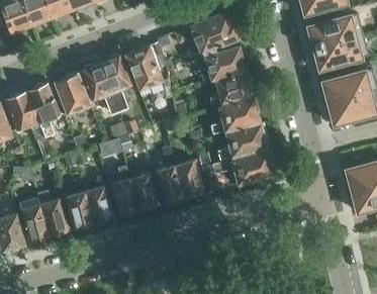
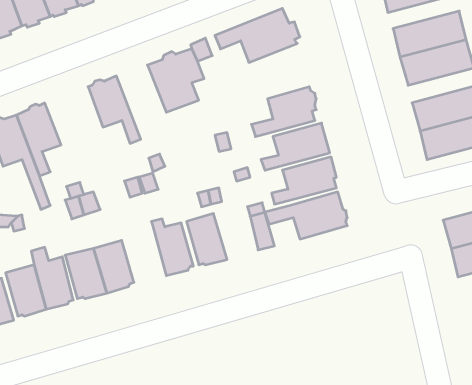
building: [190,44,247,79] -> none
building: [101,54,133,109] -> none
building: [55,70,89,113] -> none
building: [174,159,204,199] -> none
building: [108,171,138,216] -> none

